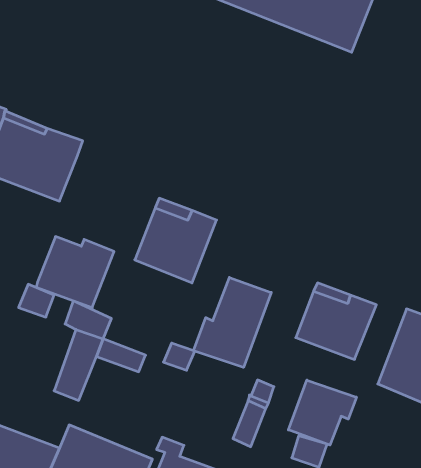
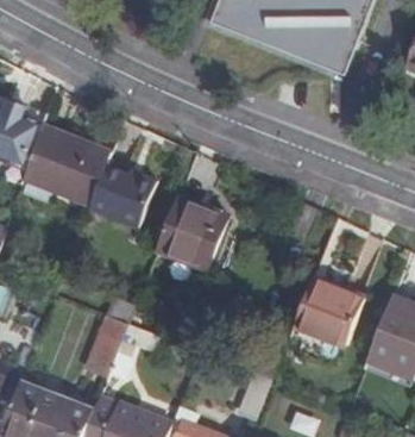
building: [36,237,114,308] -> [88,163,156,225]
building: [193,277,271,367] -> none
building: [288,380,356,445] -> none

